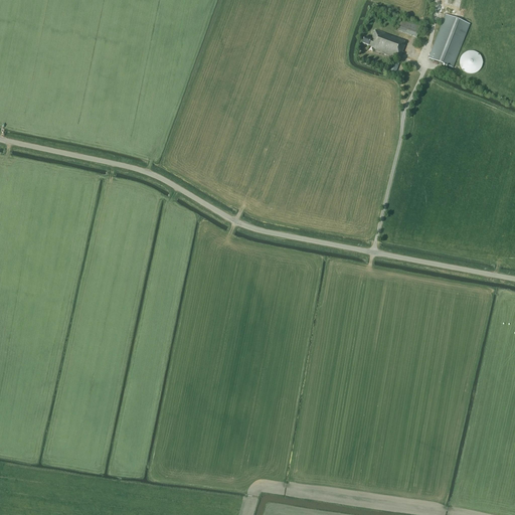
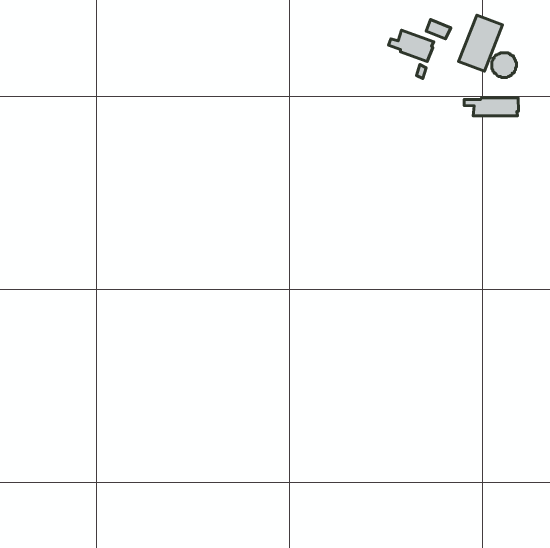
building: none -> [464,98,519,116]

